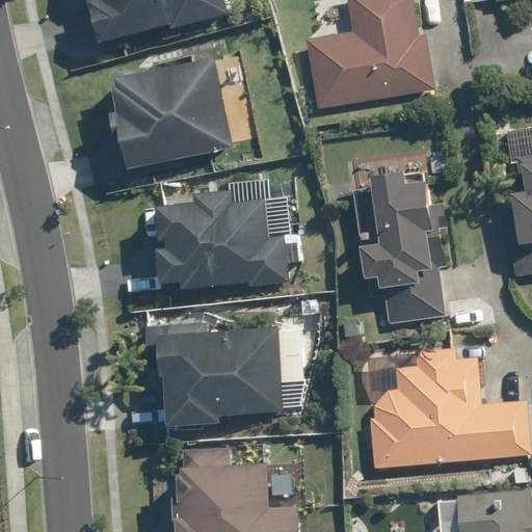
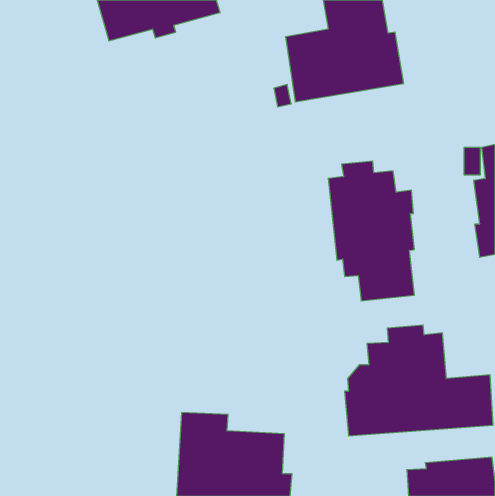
building: [129,57,242,168] -> none
building: [172,192,293,288] -> none
building: [154,318,289,426] -> none

